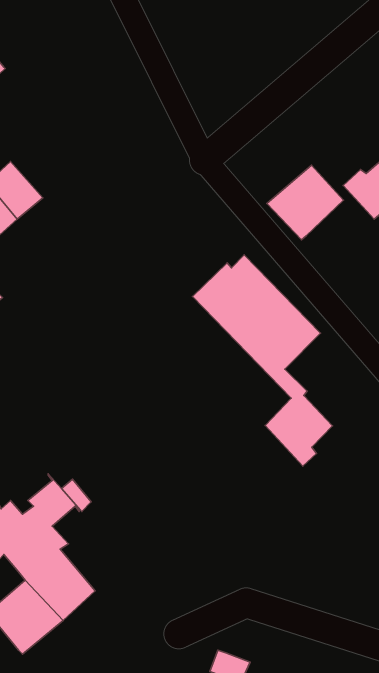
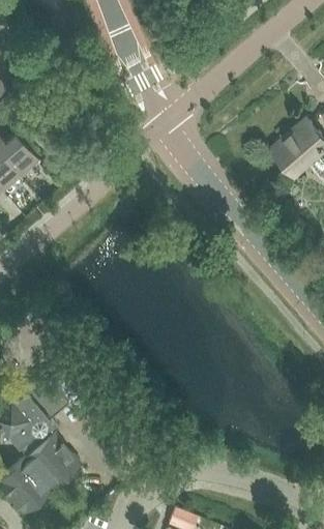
building: [267,165,344,240] -> none
building: [193,255,332,466] -> none

